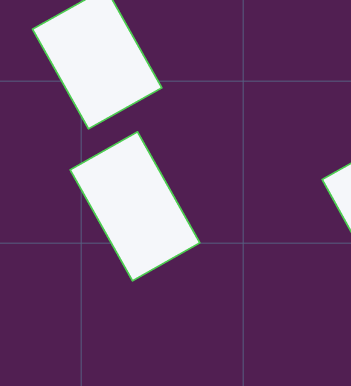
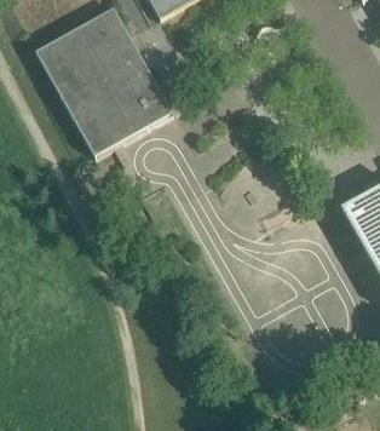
building: [70,132,200,281] -> none

